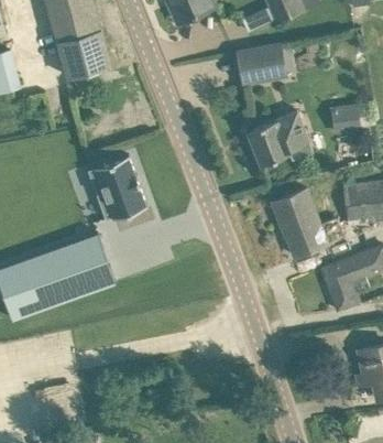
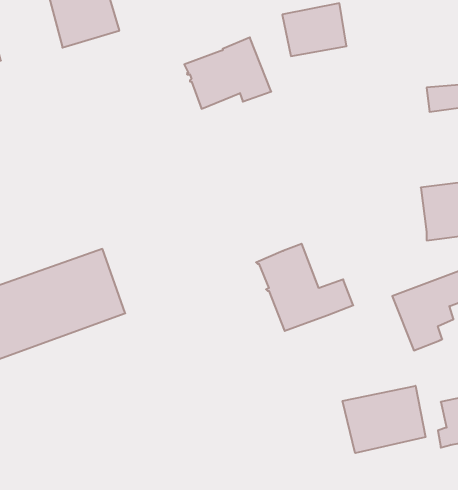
building: [245,111,313,166] -> [184,37,271,109]
building: [89,155,146,219] -> none
building: [271,190,346,257] -> [256,244,353,331]
building: none -> [343,386,426,453]

